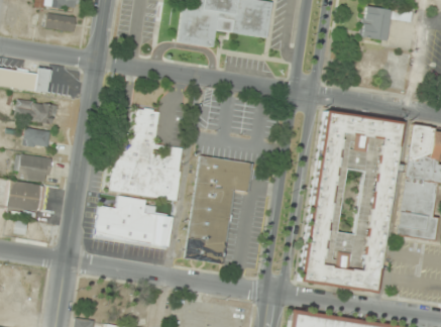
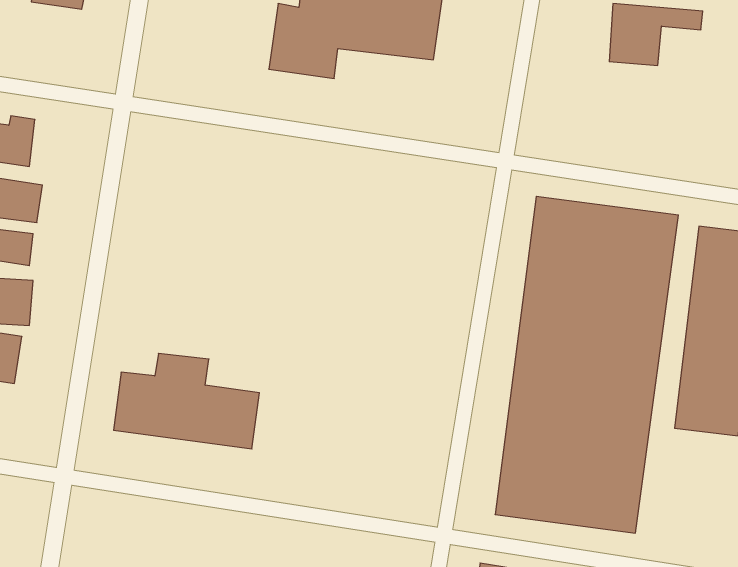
building: [45,12,78,32] -> none
building: [111,108,185,200] -> none
building: [187,155,253,264] -> none

